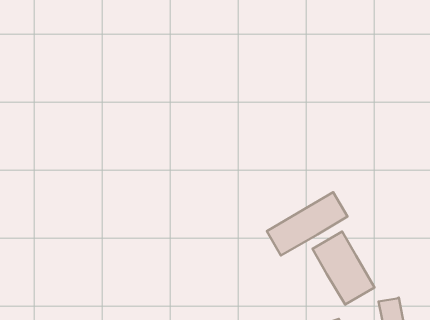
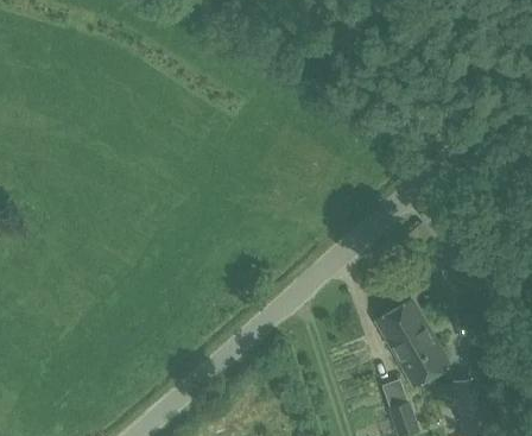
building: [267,192,347,255] -> none

